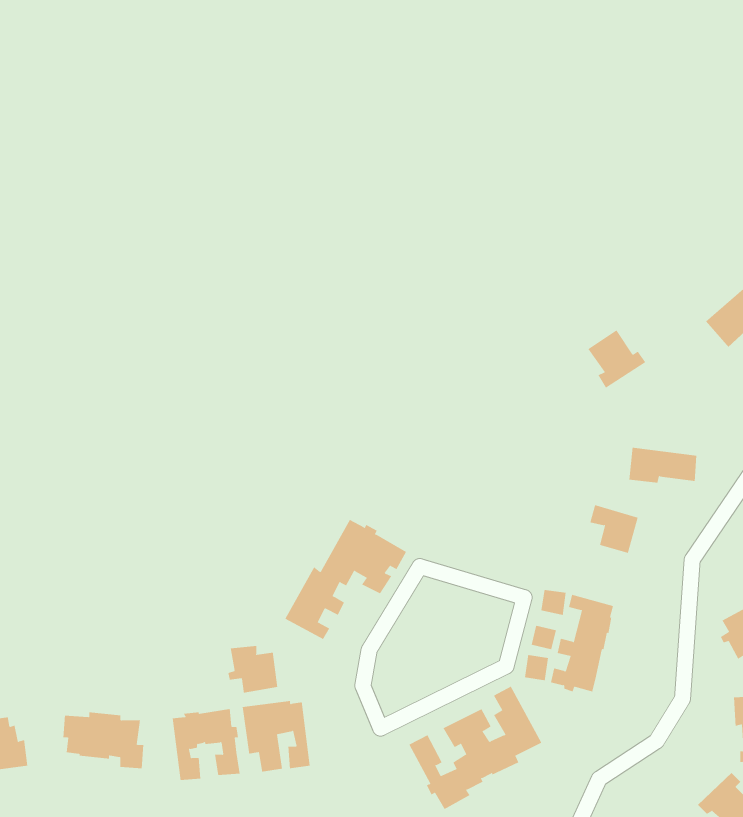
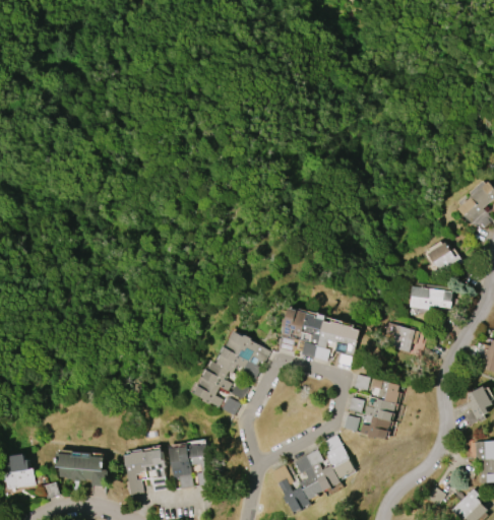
building: [588,330,646,388] -> [426,241,462,277]
building: none -> [279,307,359,366]
building: [228,645,278,693] -> none

